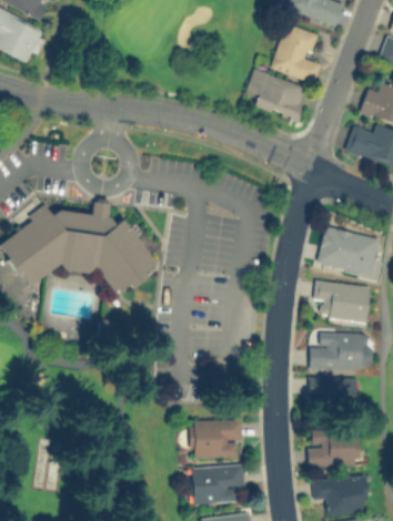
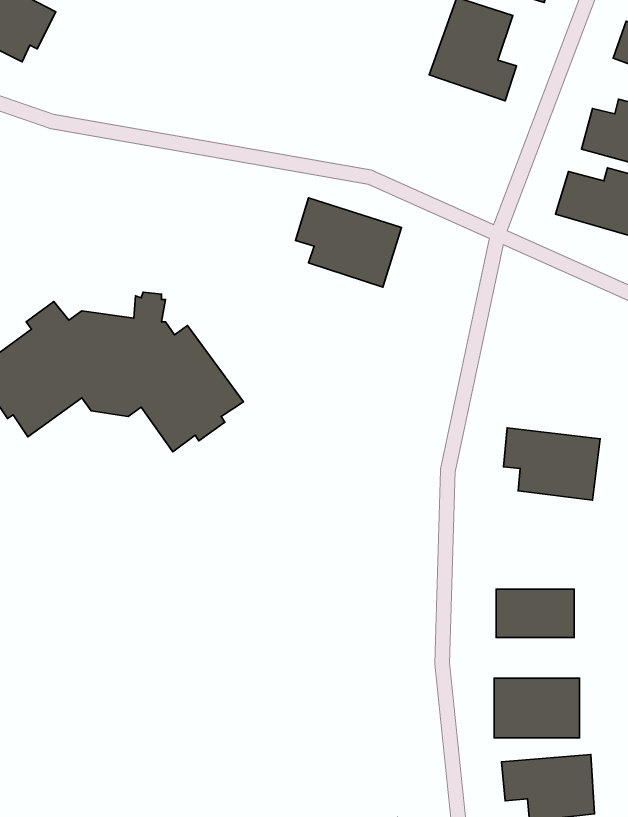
building: [245,68,309,121] -> [296,198,401,287]
building: [316,226,379,274] -> none
building: [309,331,372,369] -> none
building: [190,419,241,457] -> none
building: [192,464,244,503] -> none

